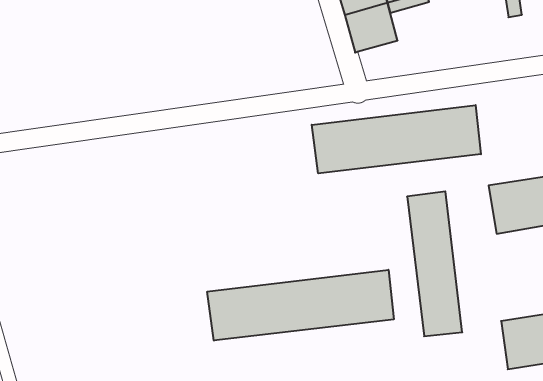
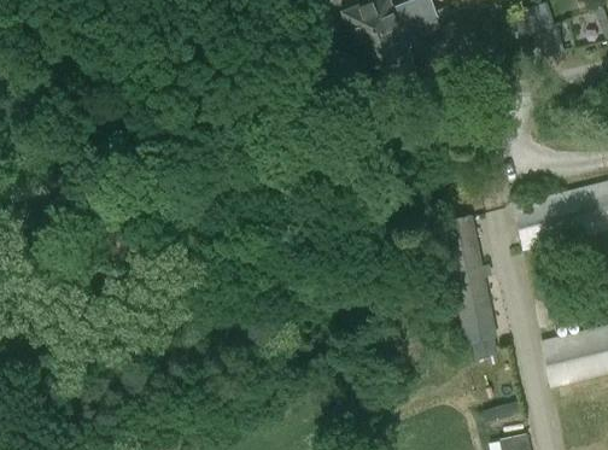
building: [312,105,481,173] -> none
building: [207,270,394,341] -> none

